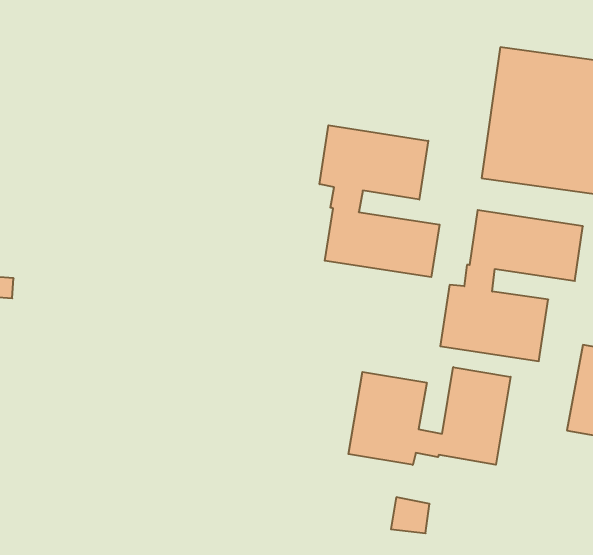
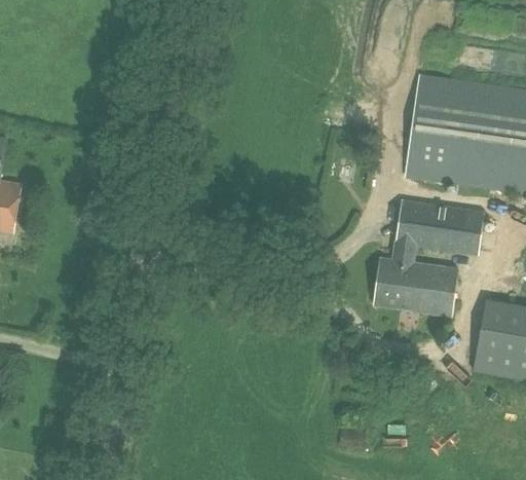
building: [320,125,440,277] -> none
building: [348,367,511,465] -> none

